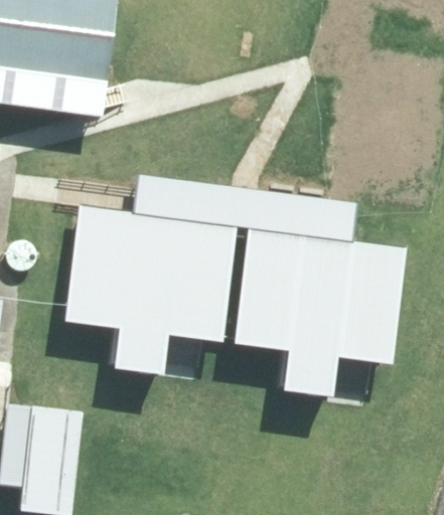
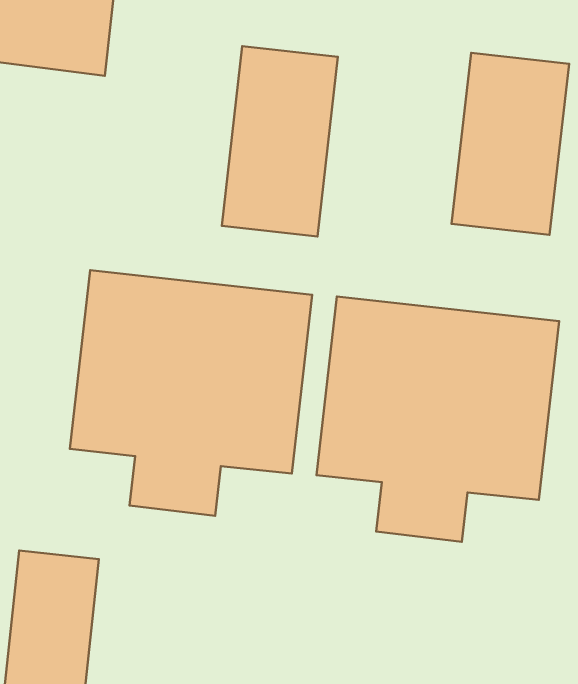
building: none -> [222,46,338,236]
building: none -> [452,53,569,235]

